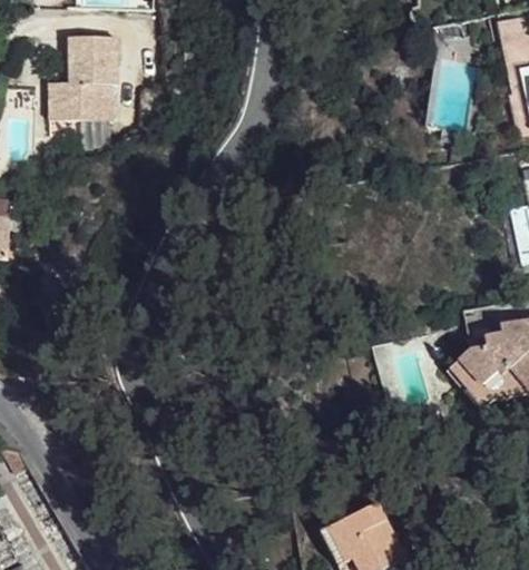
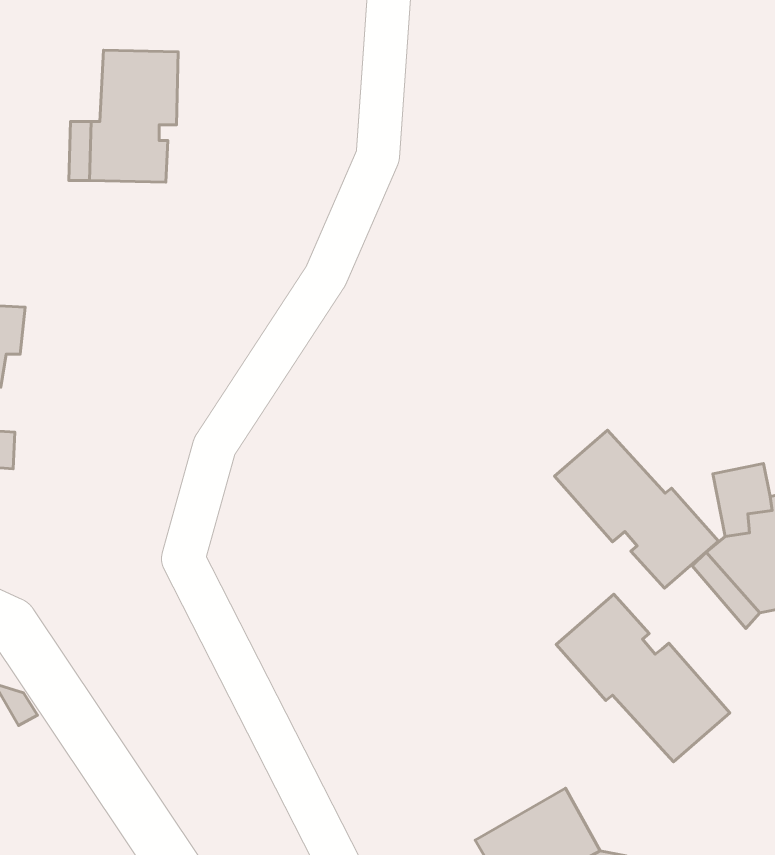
building: none -> [555,430,718,588]
building: none -> [556,594,730,762]

